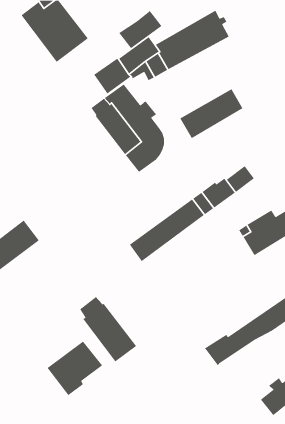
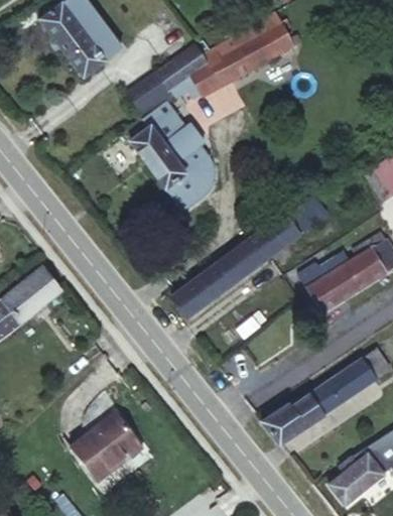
building: [118,10,162,49] -> none
building: [179,88,243,139] -> none
building: [79,296,137,362] -> none

